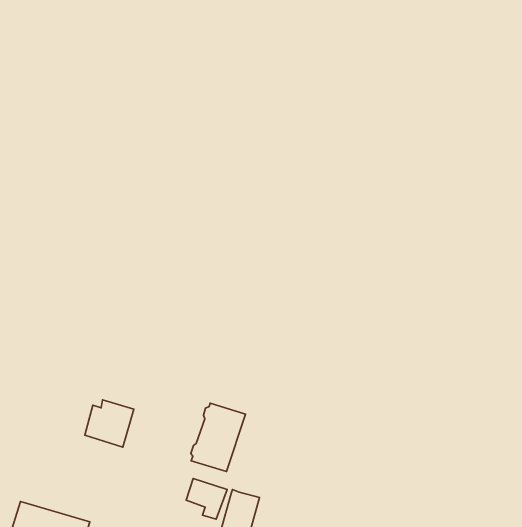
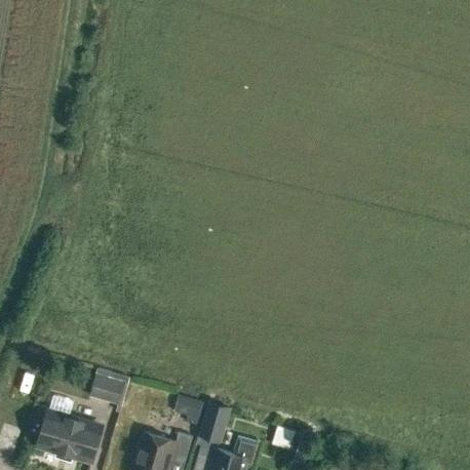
building: [85,400,134,447] -> [90,371,127,407]
building: [191,403,245,472] -> none

